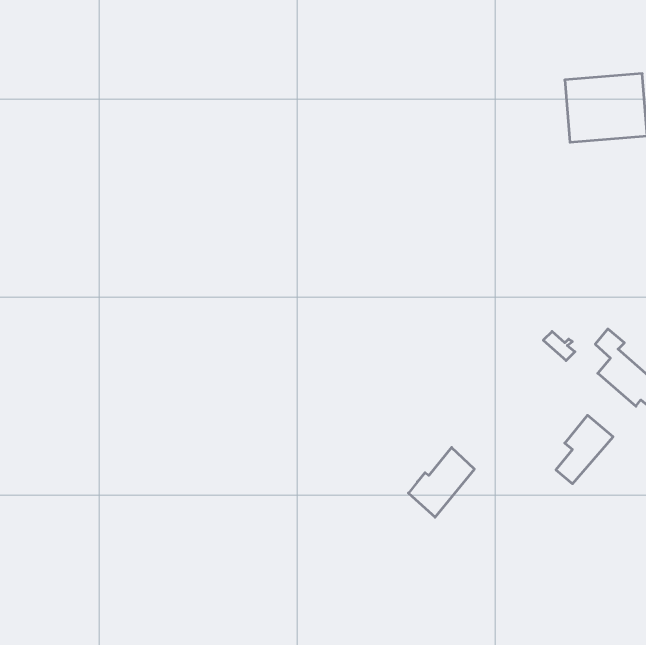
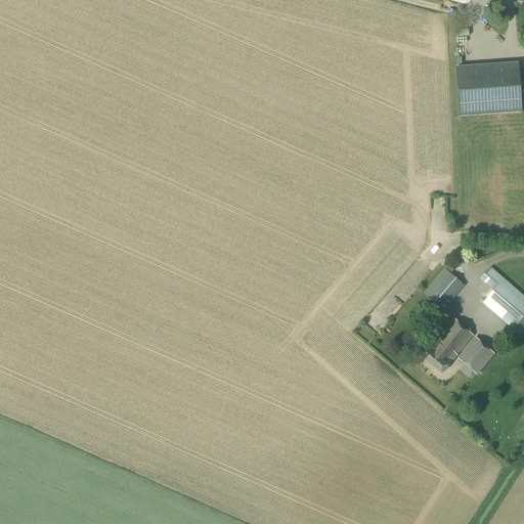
building: none -> [422,282,452,311]
building: [408,447,474,517] -> [421,316,474,373]

